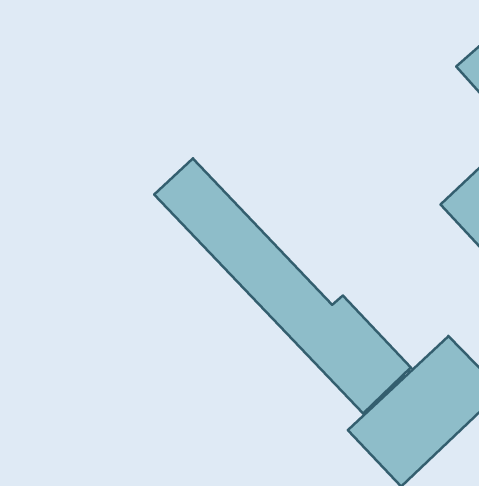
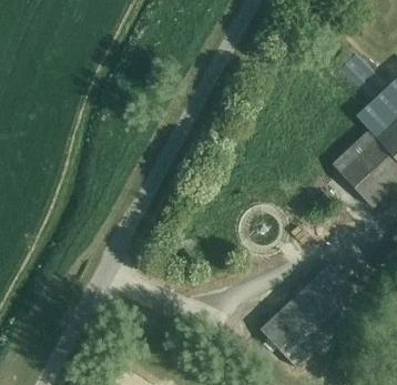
building: [154,158,411,413] -> none

